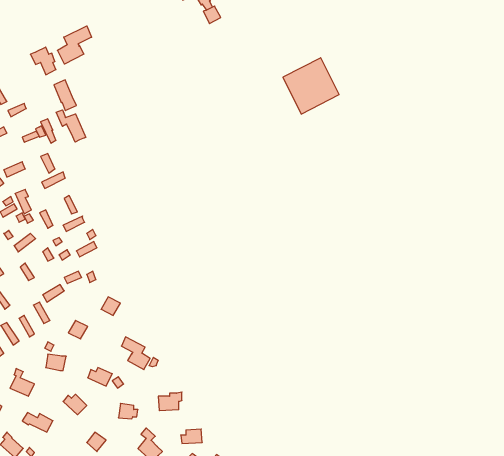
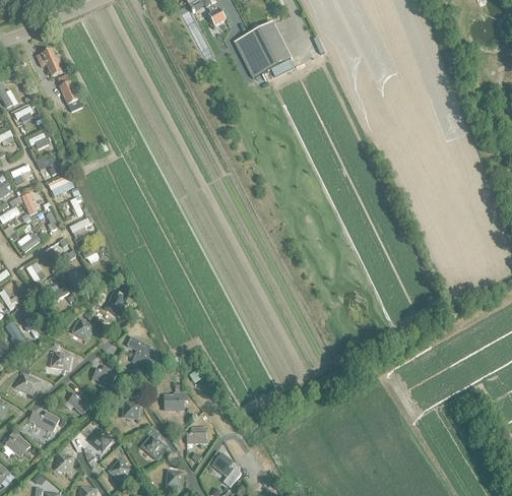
building: [57,26,92,64] -> none
building: [283,58,339,114] -> [233,21,289,77]
building: [56,110,86,142] -> none

